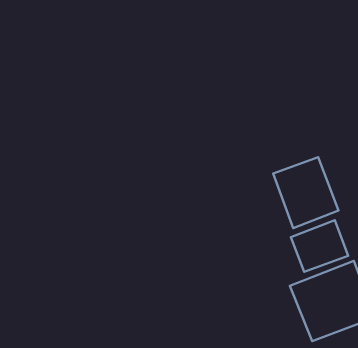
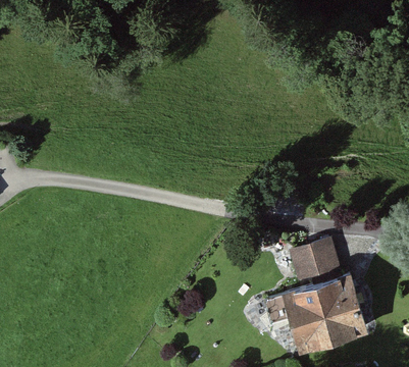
building: [273,157,339,228] -> none

